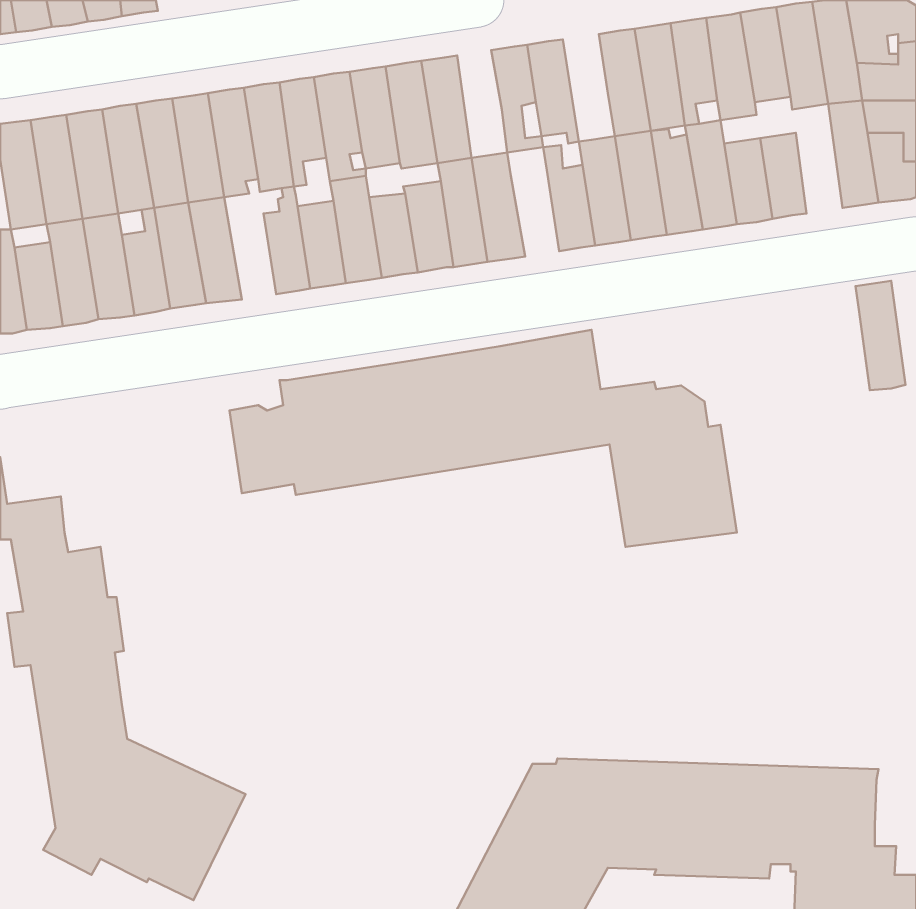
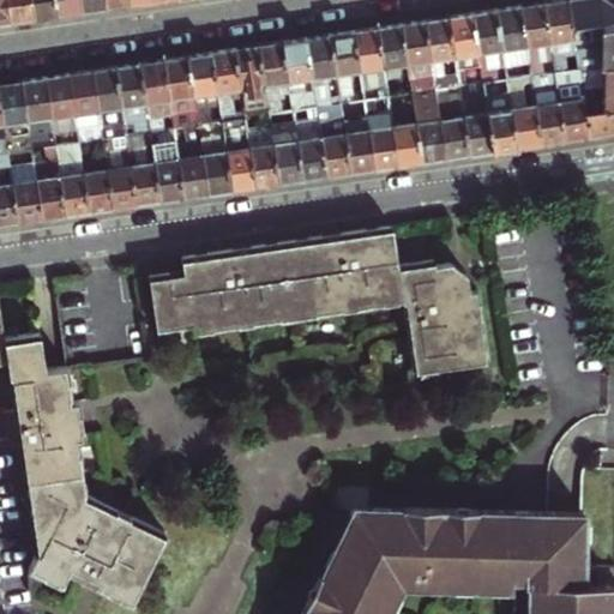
building: none -> [377,28,407,100]
building: none -> [306,38,336,110]
building: none -> [342,119,374,176]
building: none -> [150,133,185,205]
building: [855,281,906,390] -> [530,74,564,148]

